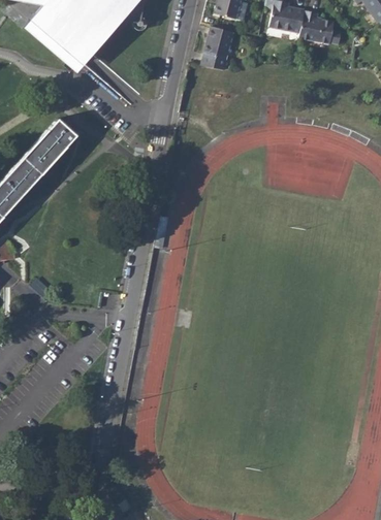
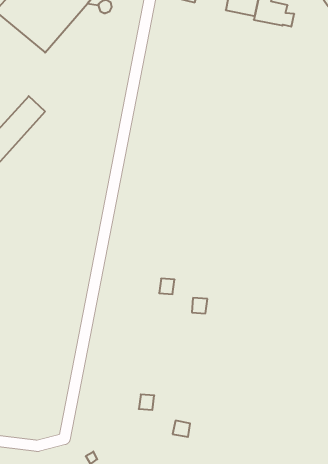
building: [202,26,235,70] -> none

